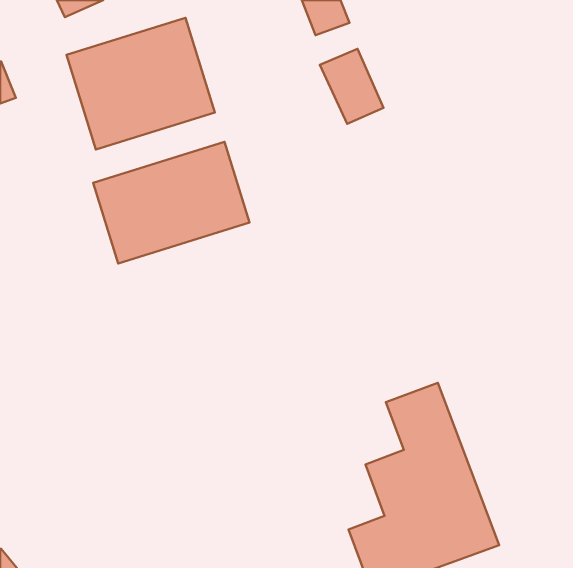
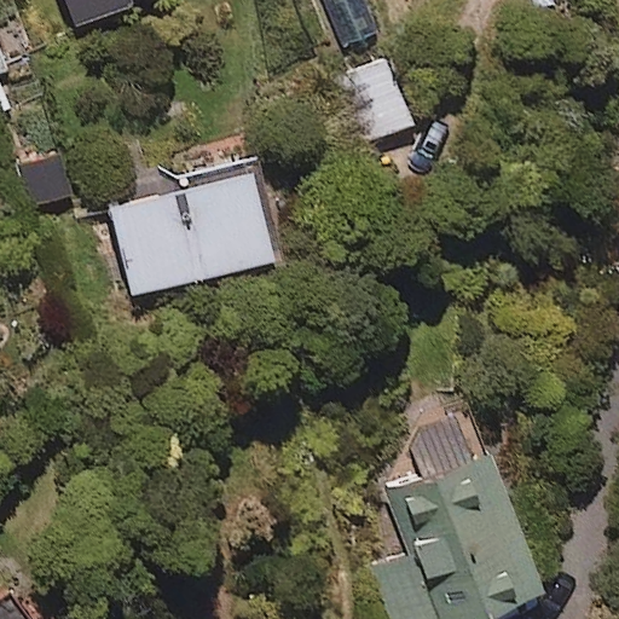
building: [66,18,215,149] -> none

